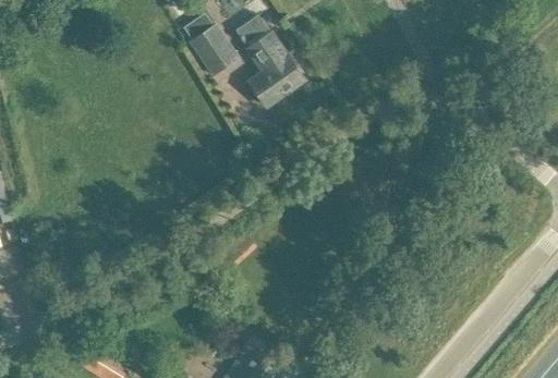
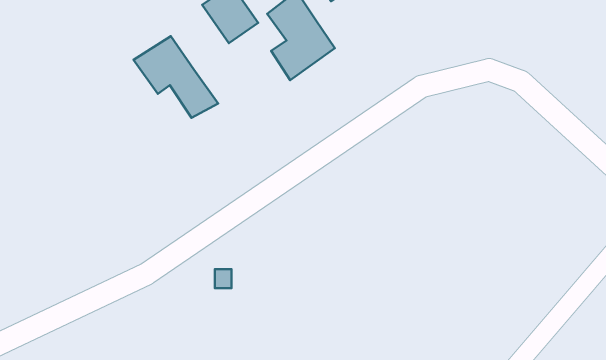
building: none -> [134,36,218,118]

